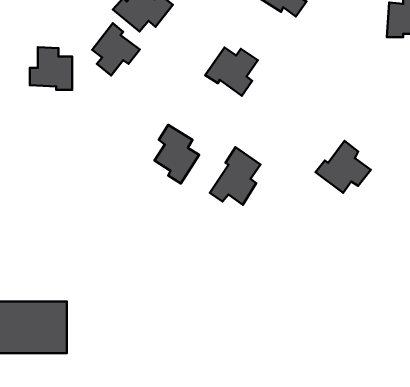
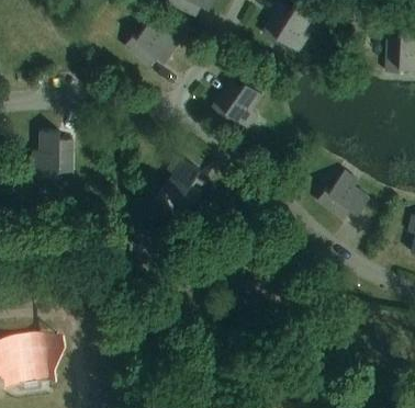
building: [92,23,140,76] -> none
building: [30,47,72,90] -> [32,131,72,171]
building: [210,147,260,205] -> none

